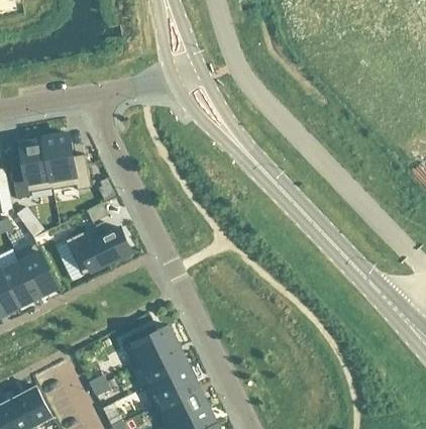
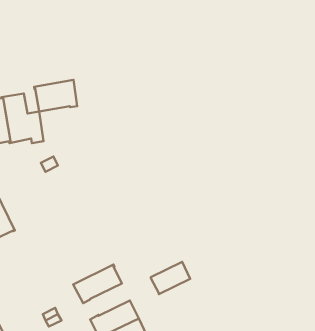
building: none -> [34,80,77,112]
building: [66,226,131,276] -> none
building: [142,347,187,384] -> [151,262,190,294]

